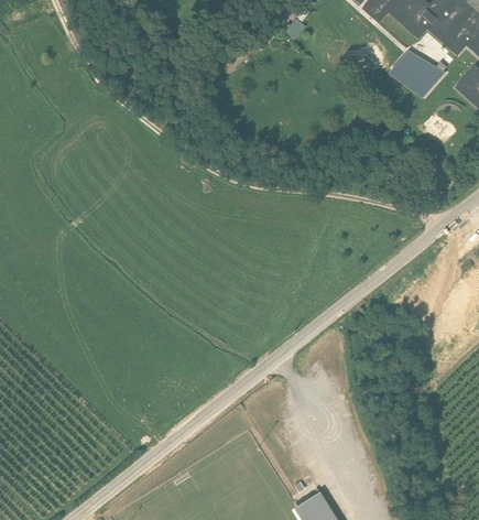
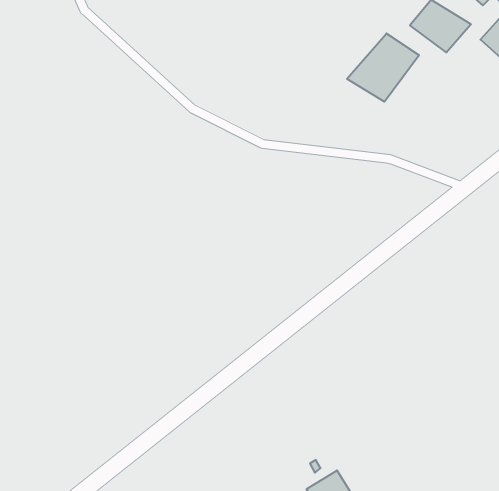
building: none -> [347,33,419,102]

